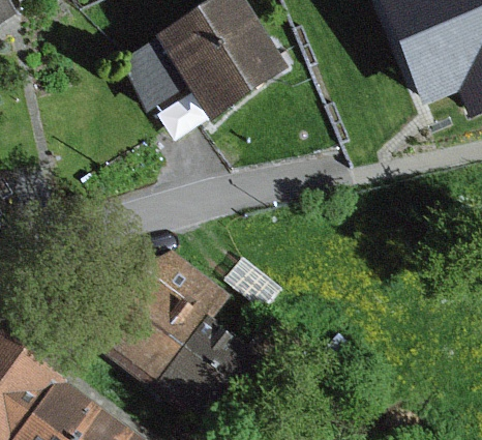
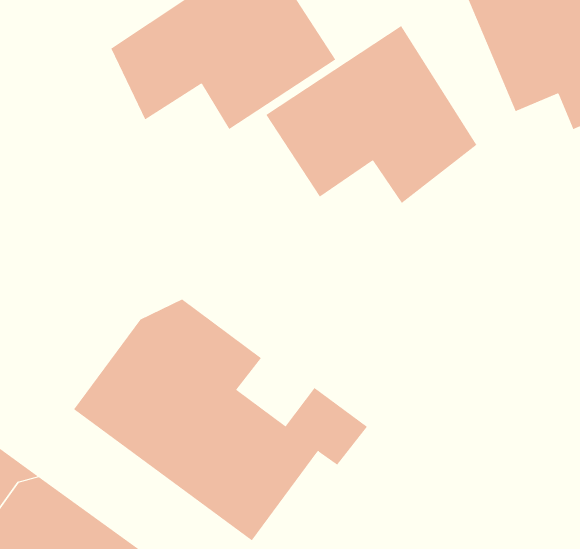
building: none -> [265,25,477,204]

